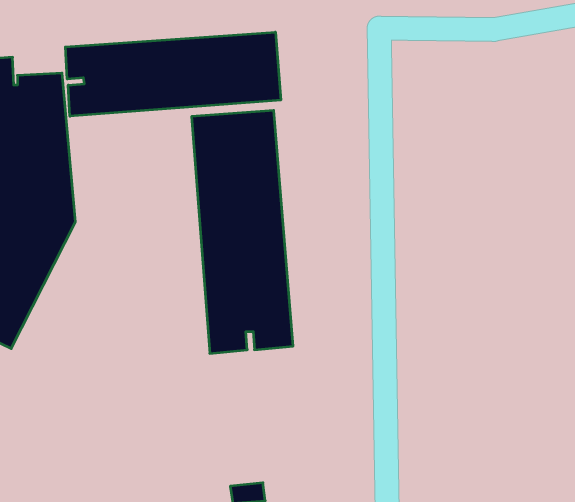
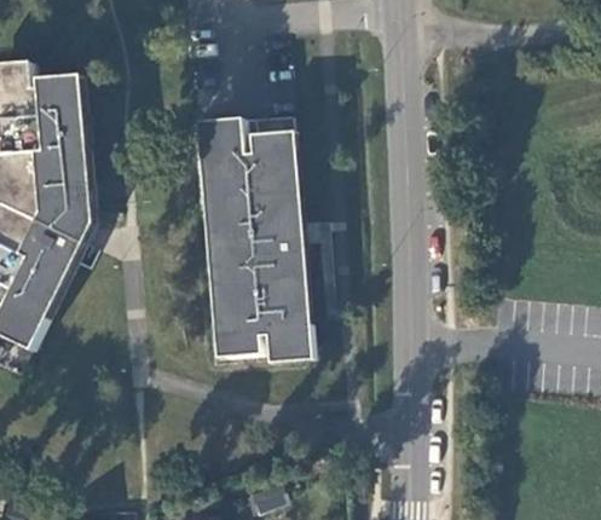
building: [65,32,281,116] -> none

